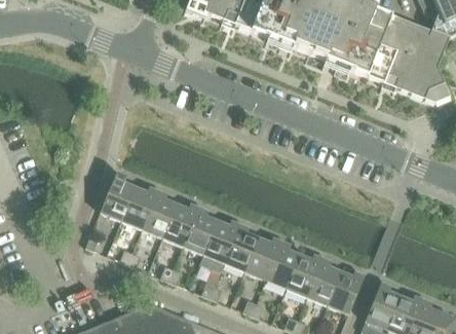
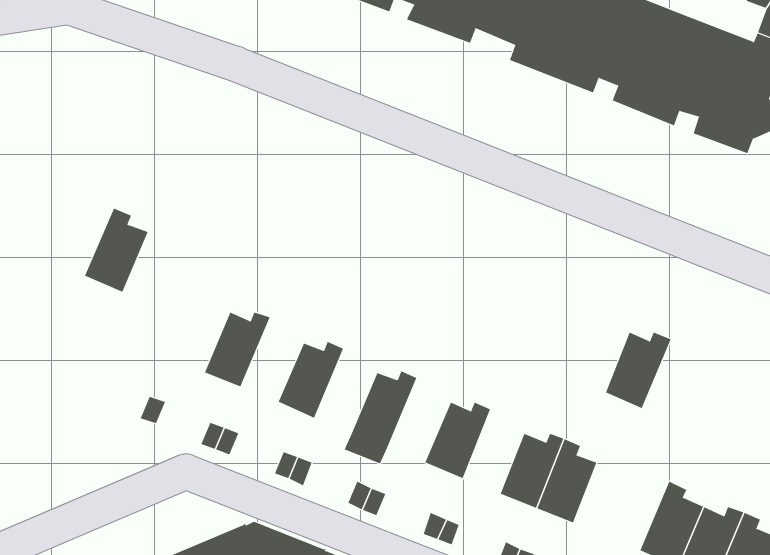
building: [100,174,136,221] -> [84,208,148,293]
building: [142,190,177,237] -> none
building: [183,208,218,255] -> none
building: [224,224,259,271] -> none
building: [266,242,300,289] -> none
building: [328,271,365,314] -> [605,332,671,409]

